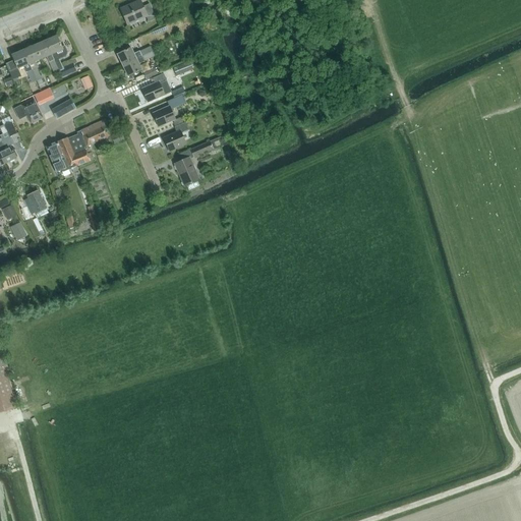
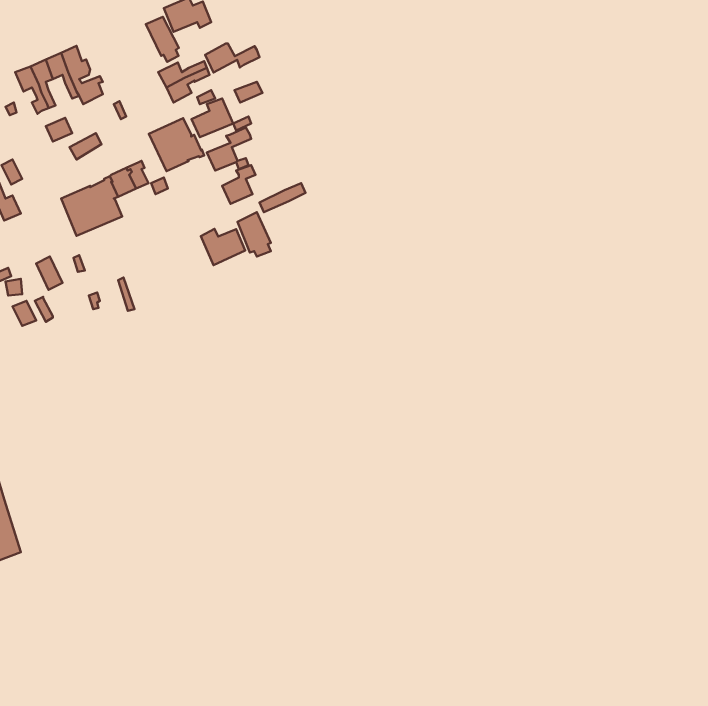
building: none -> [146,17,179,62]
building: none -> [205,43,260,72]
building: none -> [149,118,204,171]
building: [13,98,42,122] -> none
building: none -> [201,229,245,265]

